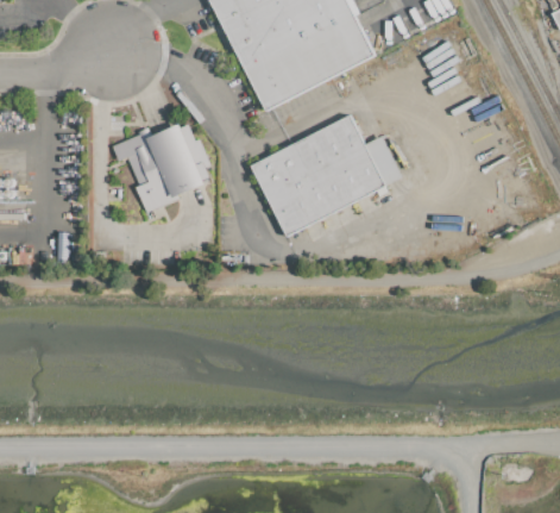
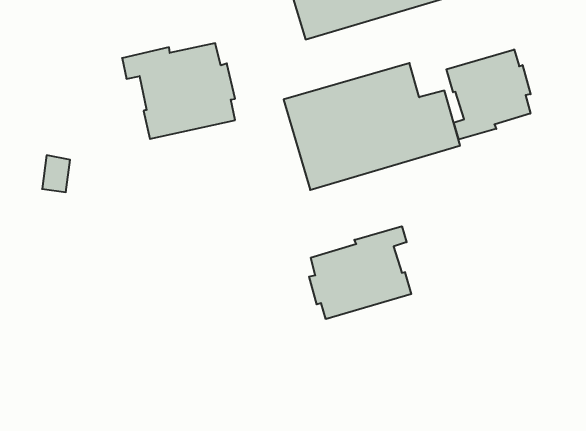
building: none -> [446,49,531,139]
building: none -> [309,226,411,319]

